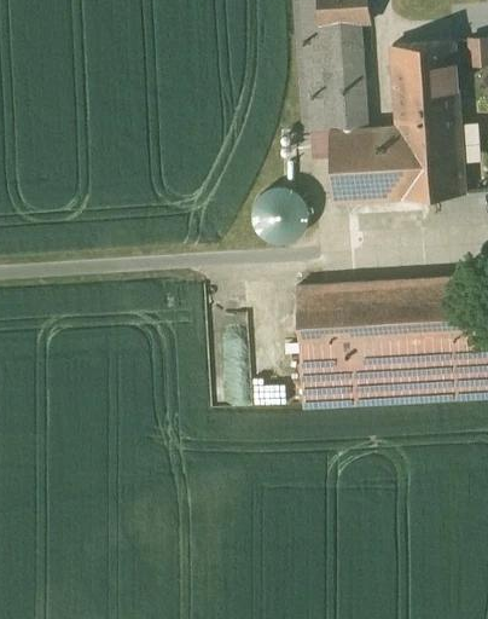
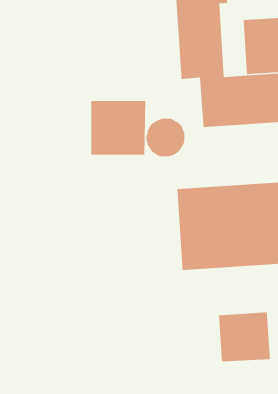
building: none -> [91,100,146,156]
building: none -> [218,311,271,362]

